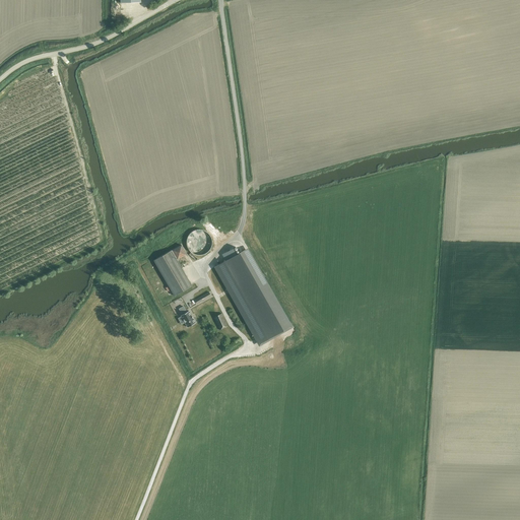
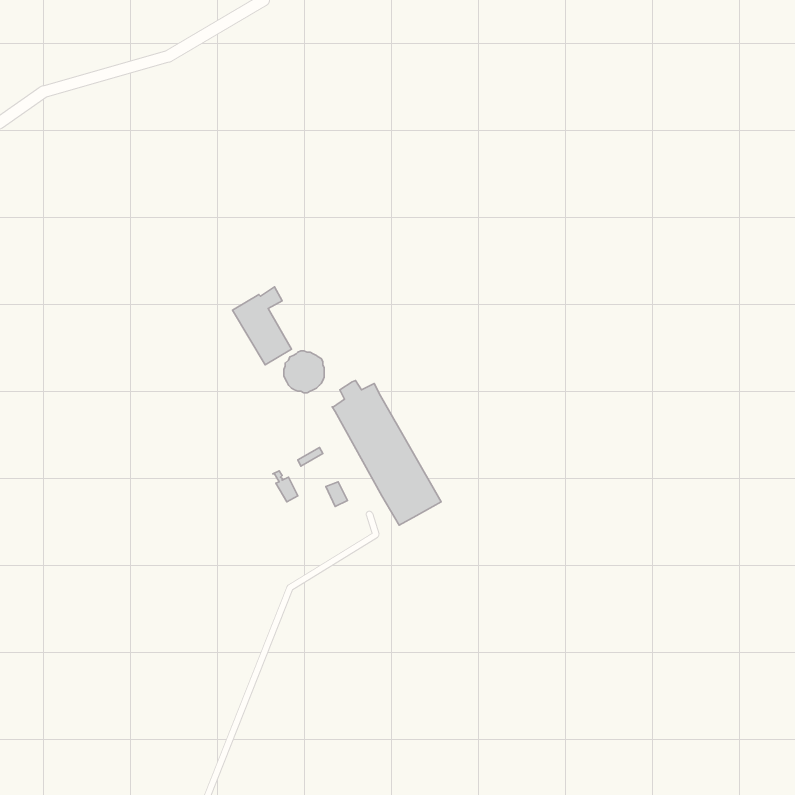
building: [152,246,191,297] -> [232,287,292,365]

